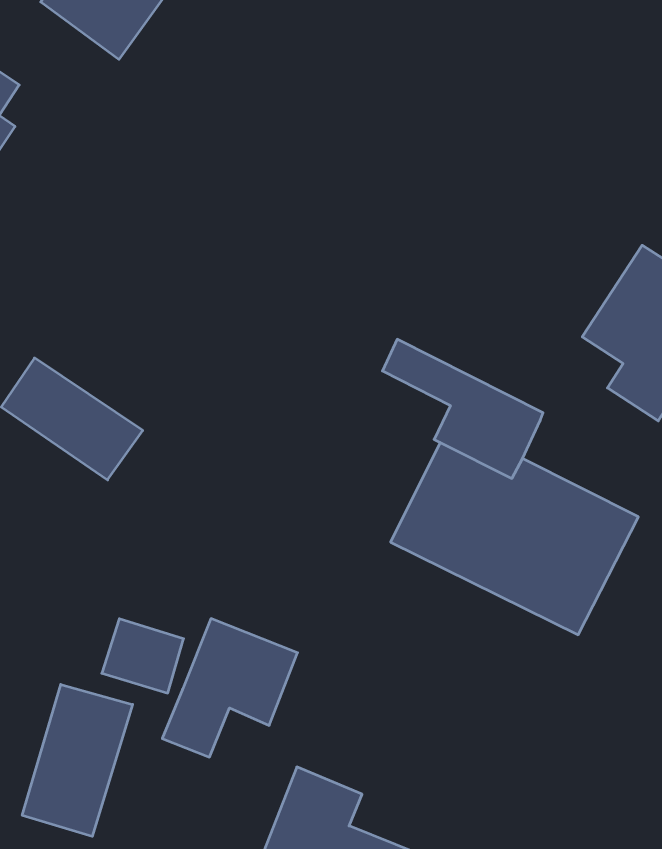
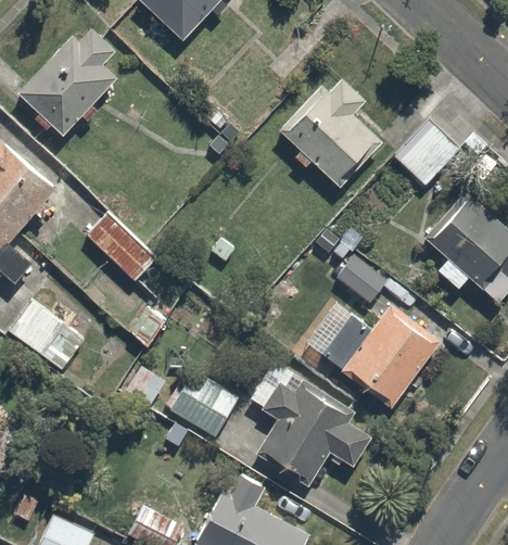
building: none -> [282,83,379,182]
building: none -> [395,126,455,186]
building: none -> [252,366,373,487]
building: [22,684,133,836] -> none

